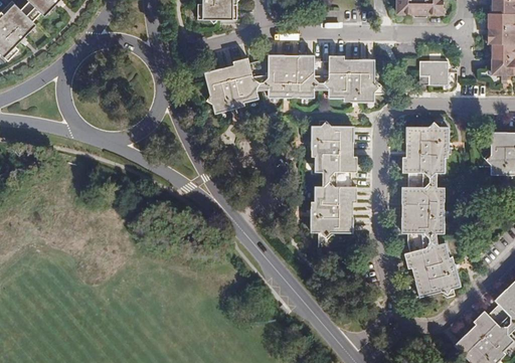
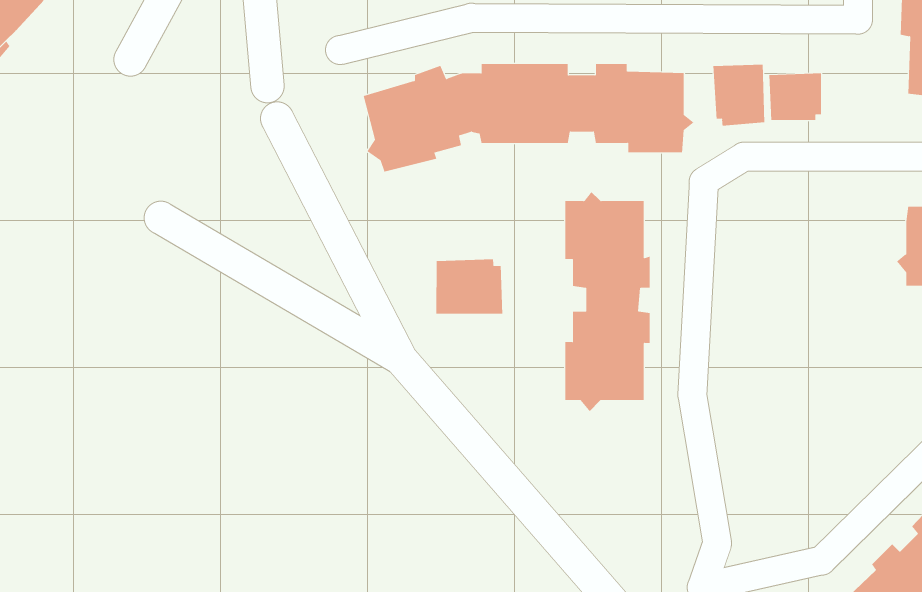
building: none -> [713,64,765,127]
building: [403,123,461,296] -> none
building: none -> [436,259,503,315]

